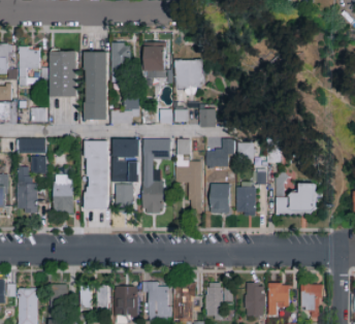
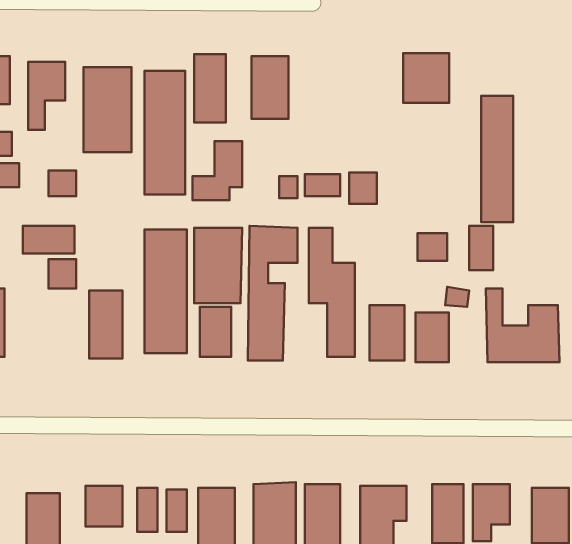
building: [176,60,202,88] -> [403,53,449,103]
building: none -> [481,96,513,222]
building: [206,139,231,169] -> none
building: [18,166,37,213] -> none

